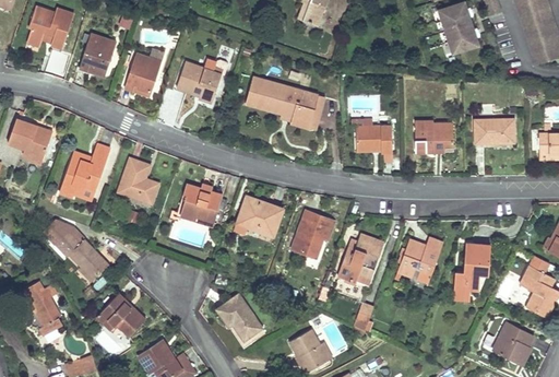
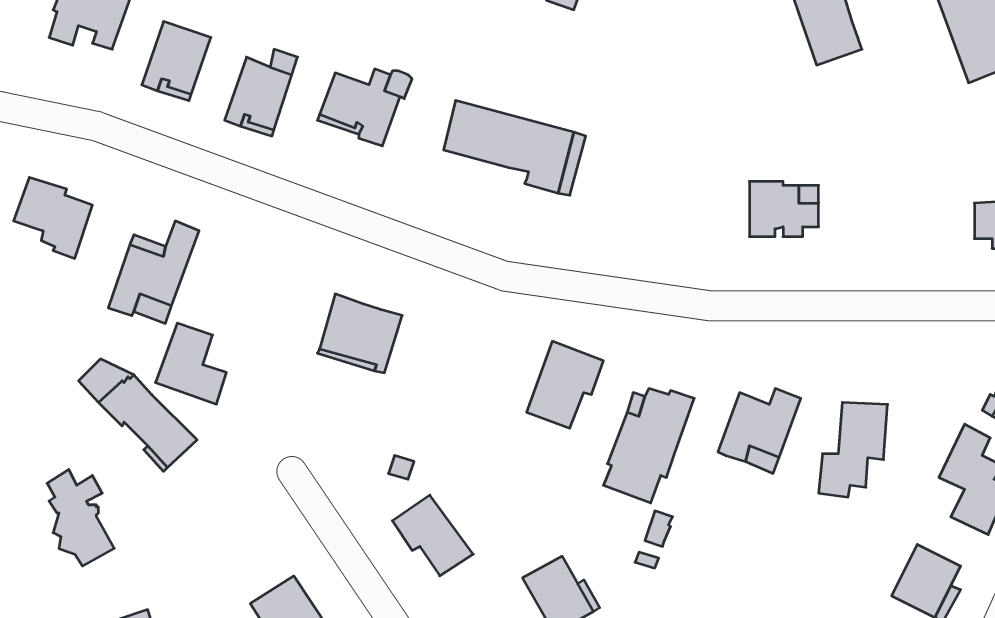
building: [475,119,514,143] -> none
building: [356,126,392,152] -> none
building: [118,158,157,203] -> [155,323,226,404]
building: [237,196,283,236] -> none
building: [96,293,146,337] -> none

